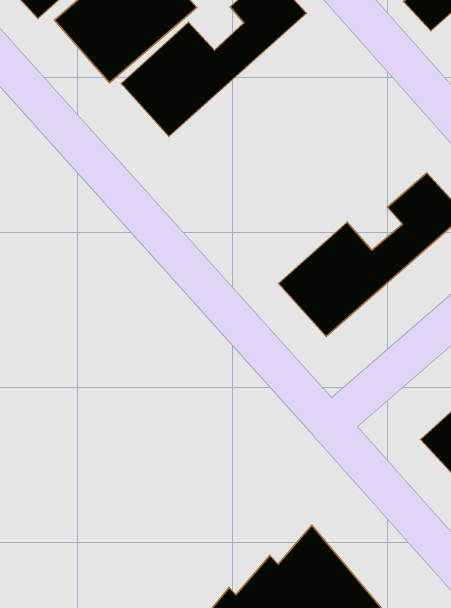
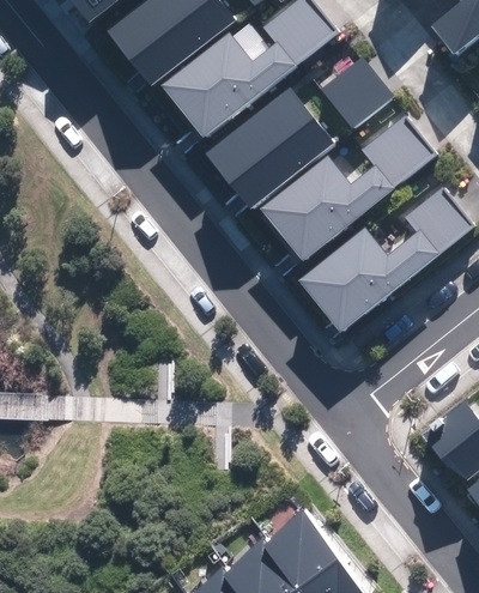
building: none -> [321,58,393,128]
building: none -> [206,86,333,208]
building: none -> [260,113,437,260]

